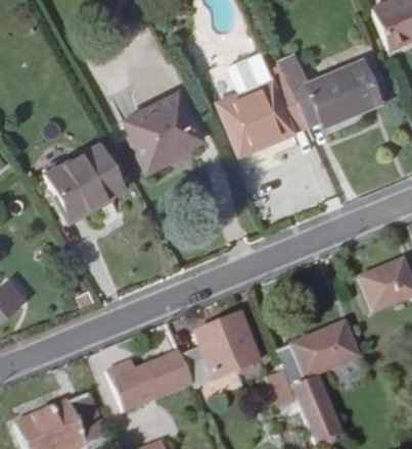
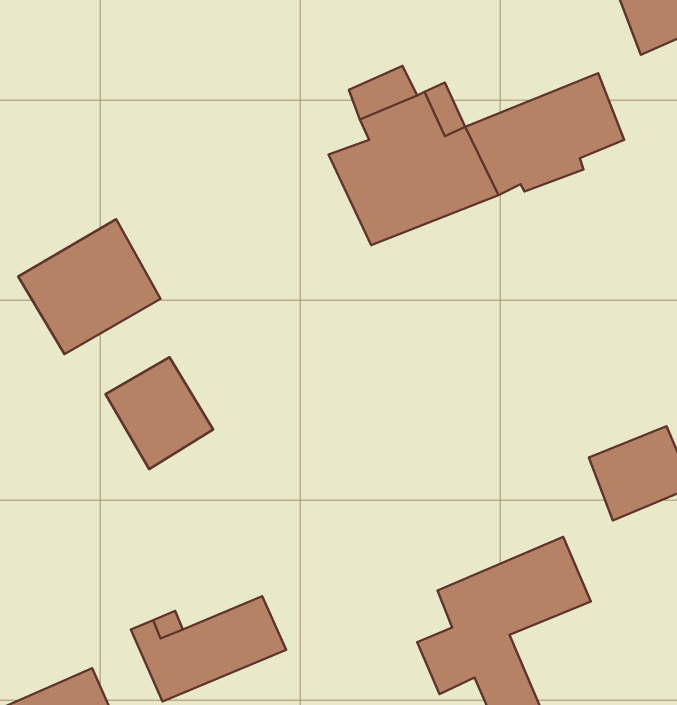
building: [125,93,200,166] -> none
building: none -> [105,357,213,469]
building: [182,312,259,384] -> none

